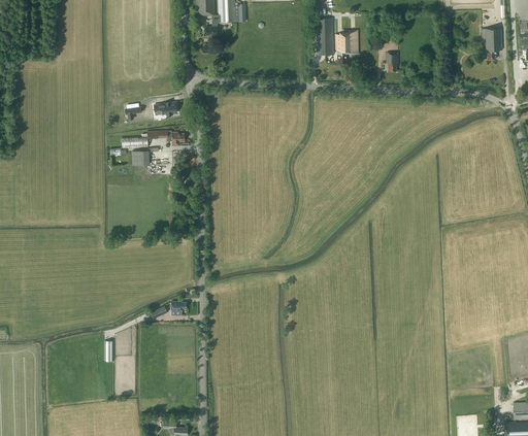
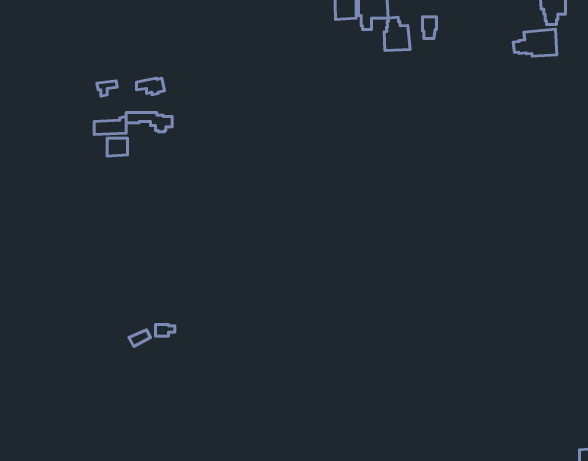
building: none -> [384,17,410,51]
building: none -> [513,29,557,56]

